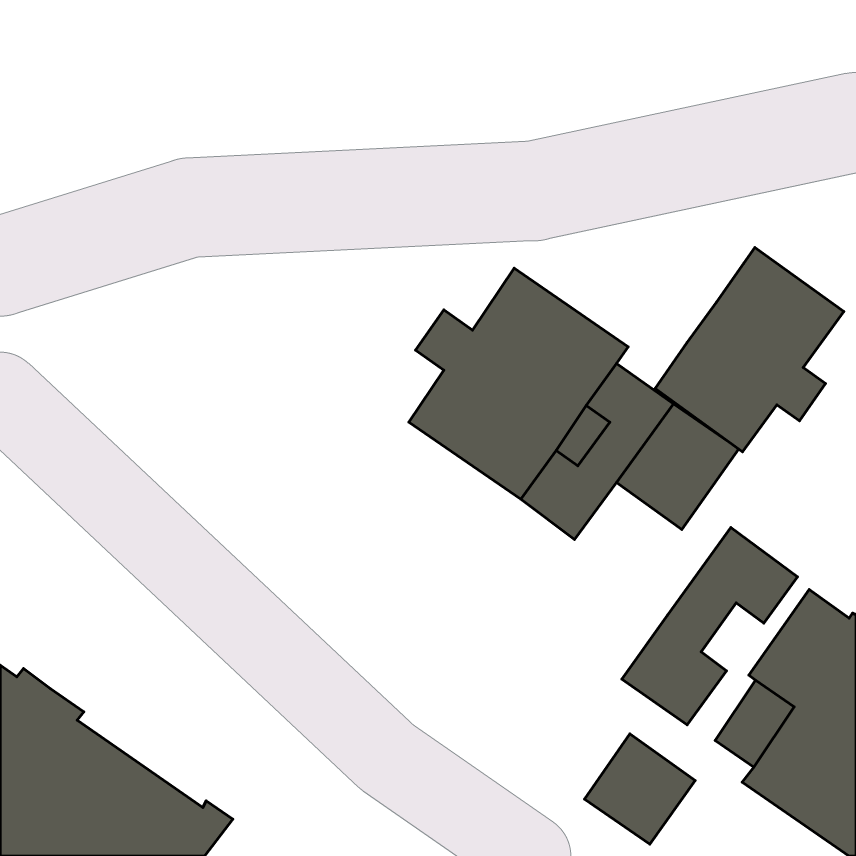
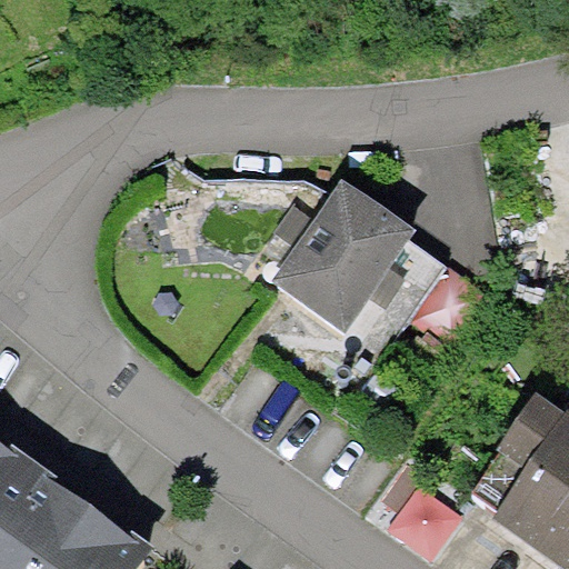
building: [655,248,844,452] -> none
building: [622,527,798,725] -> none

